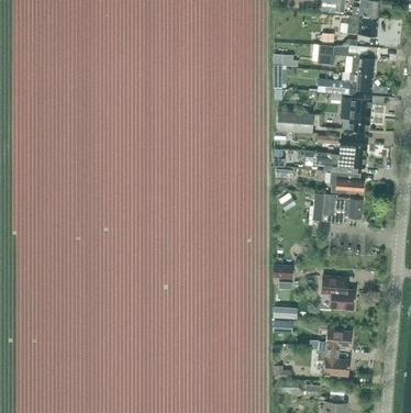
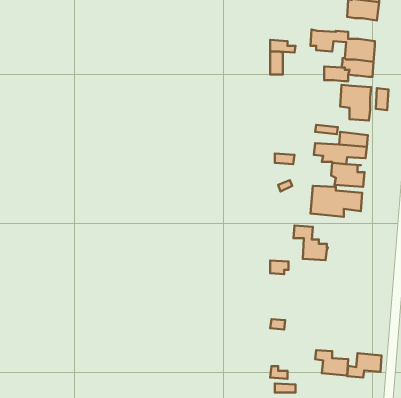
building: [276,111,313,132] -> none
building: [322,276,355,309] -> [293,226,328,260]
building: [318,328,351,351] -> [347,353,381,377]

